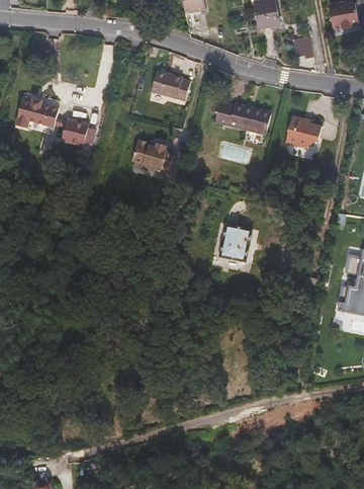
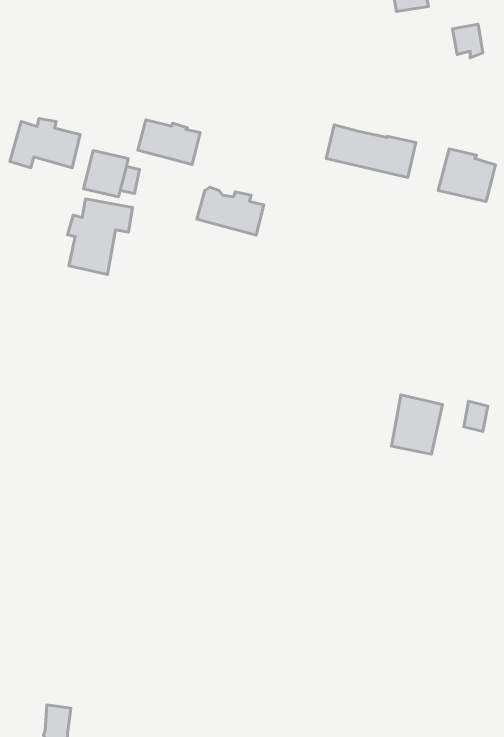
building: [151,73,190,101] -> [138,120,200,165]
building: none -> [68,199,133,275]
building: [219,223,252,260] -> [391,395,443,454]

